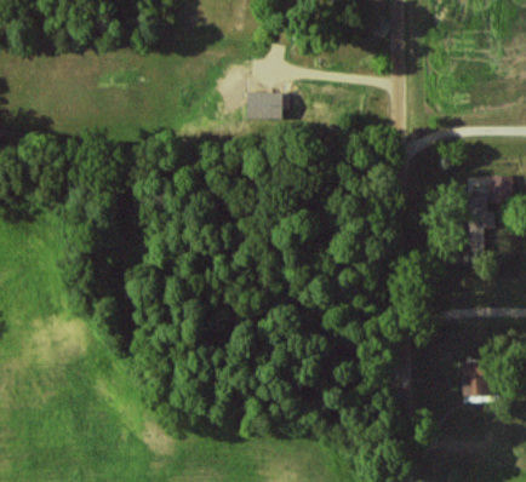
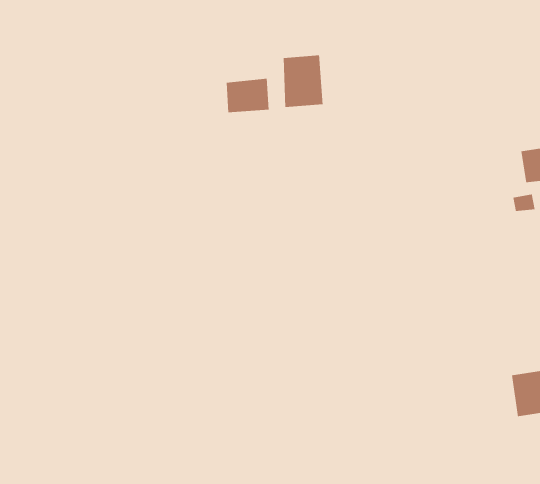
building: none -> [283,55,323,108]

